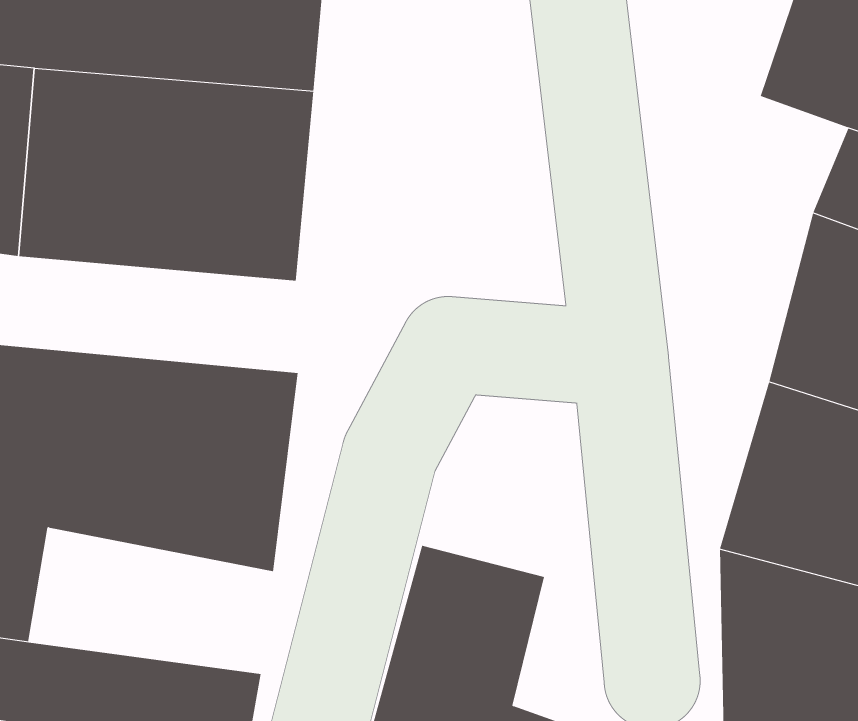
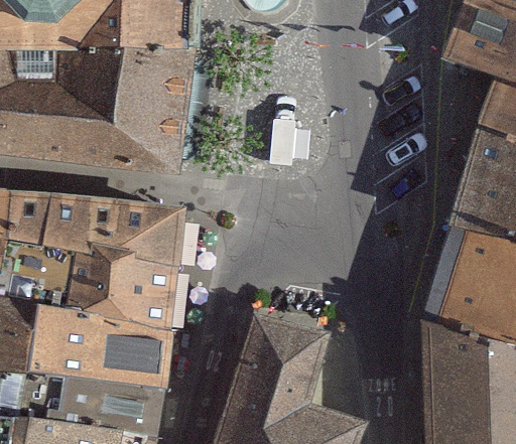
building: none -> [28,305,168,389]

